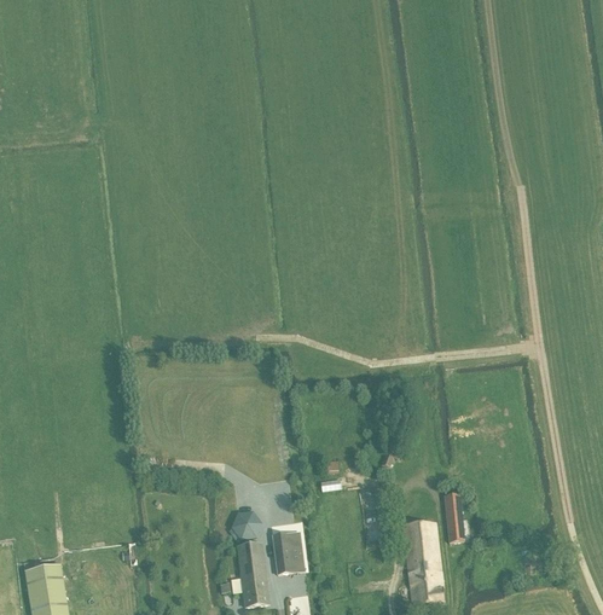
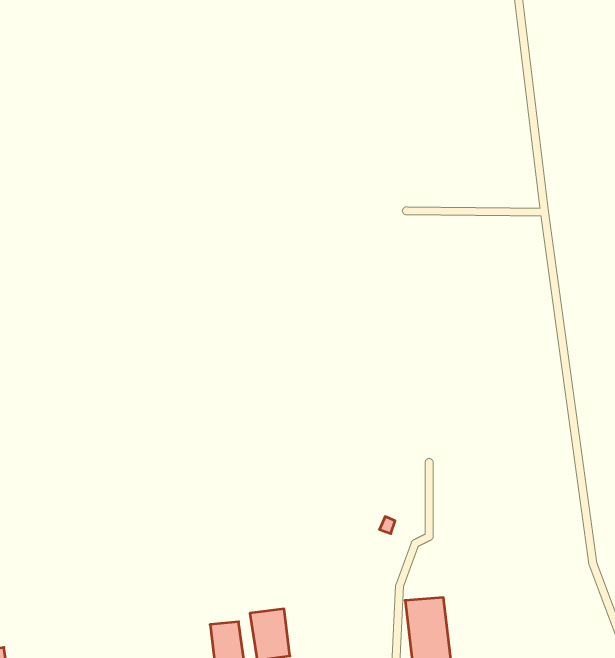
building: [443,493,464,541] -> none
building: [232,510,262,539] -> none

